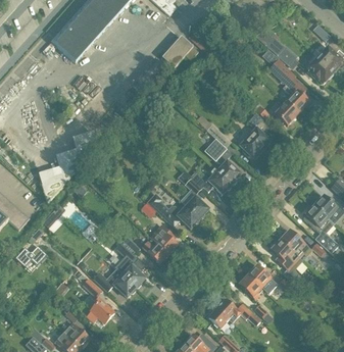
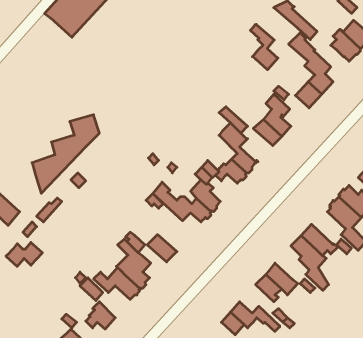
building: [161,36,198,67] -> none
building: none -> [250,24,278,70]
building: [149,223,177,253] -> none

